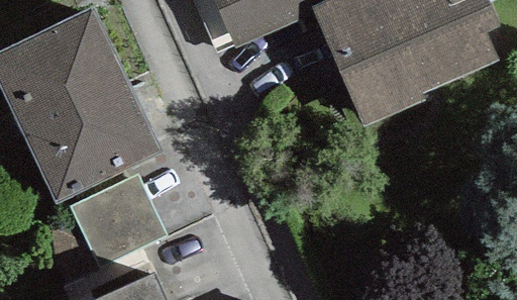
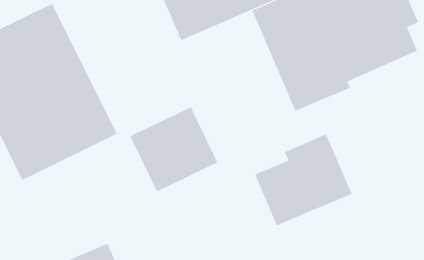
building: none -> [255,133,352,226]
building: [68,173,167,269] -> [130,106,218,192]

